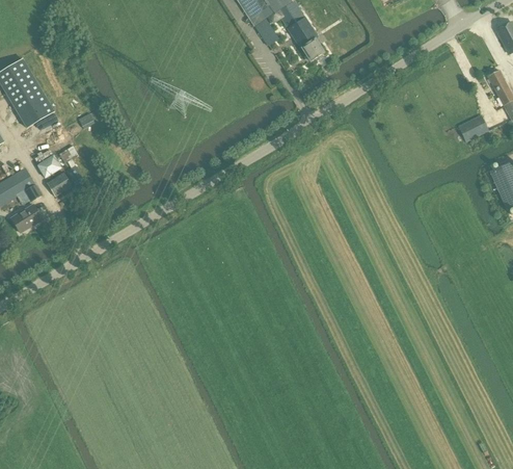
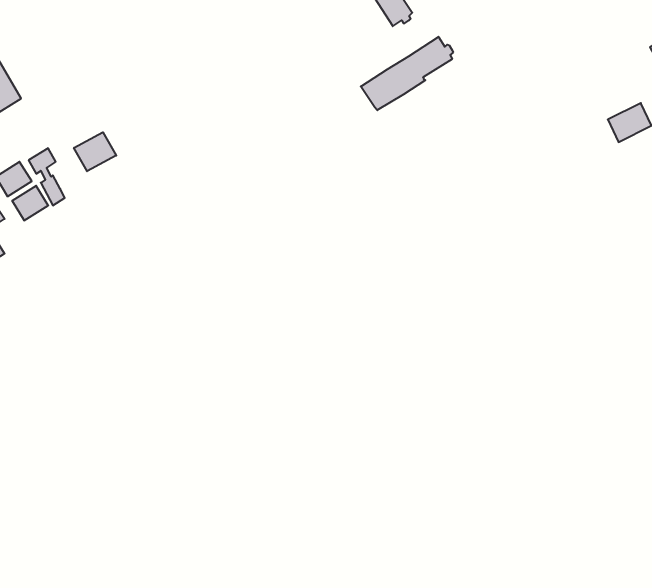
building: none -> [361,37,453,110]
building: none -> [74,132,116,171]

